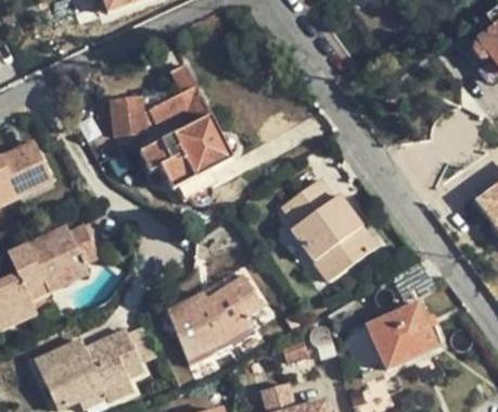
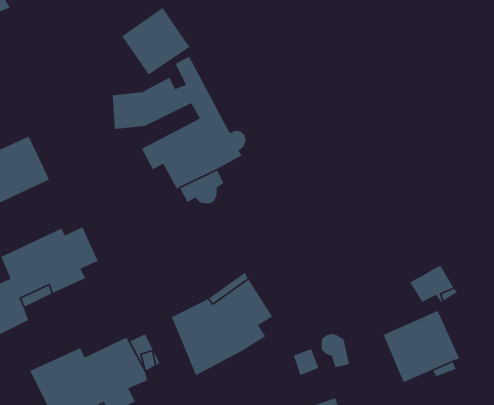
building: none -> [121,7,191,76]
building: [283,179,375,280] -> none

